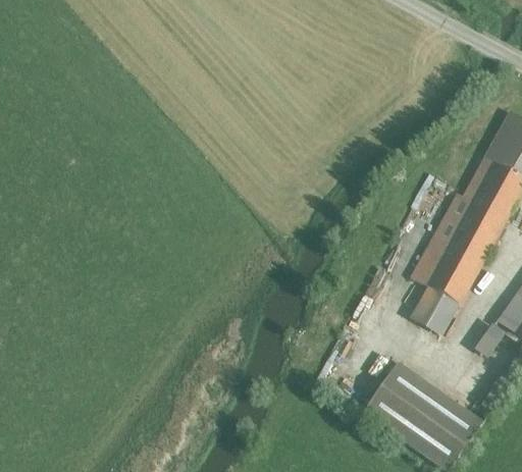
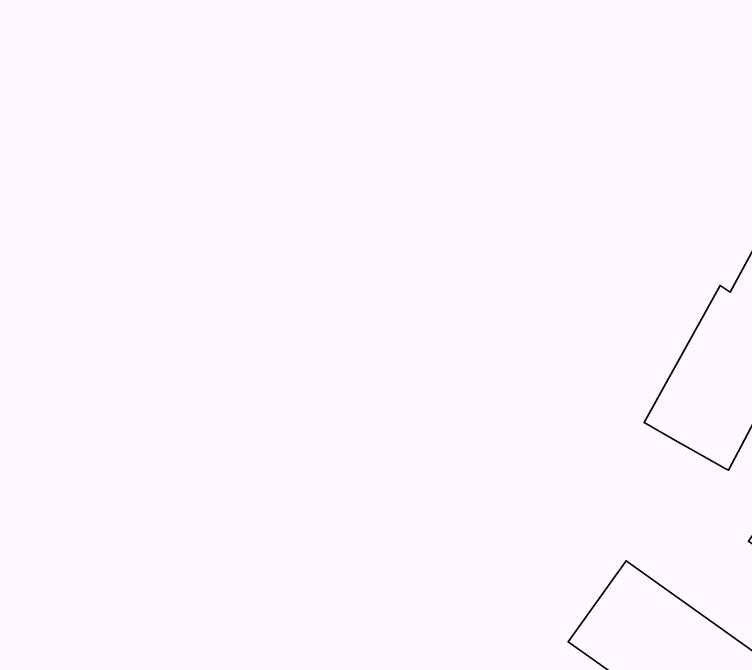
building: [410,285,460,335] -> none

